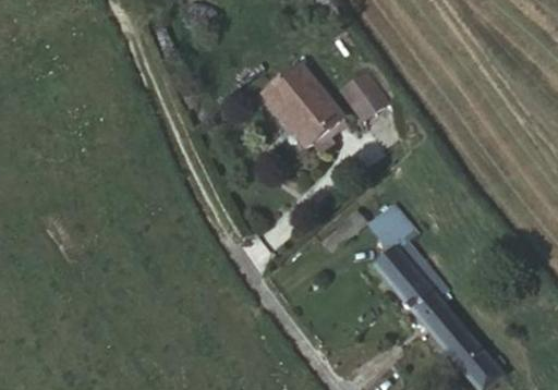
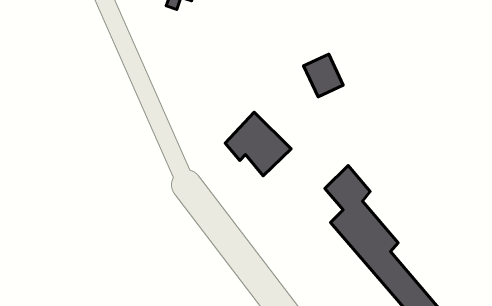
building: [270,70,344,142] -> [225,112,291,176]

